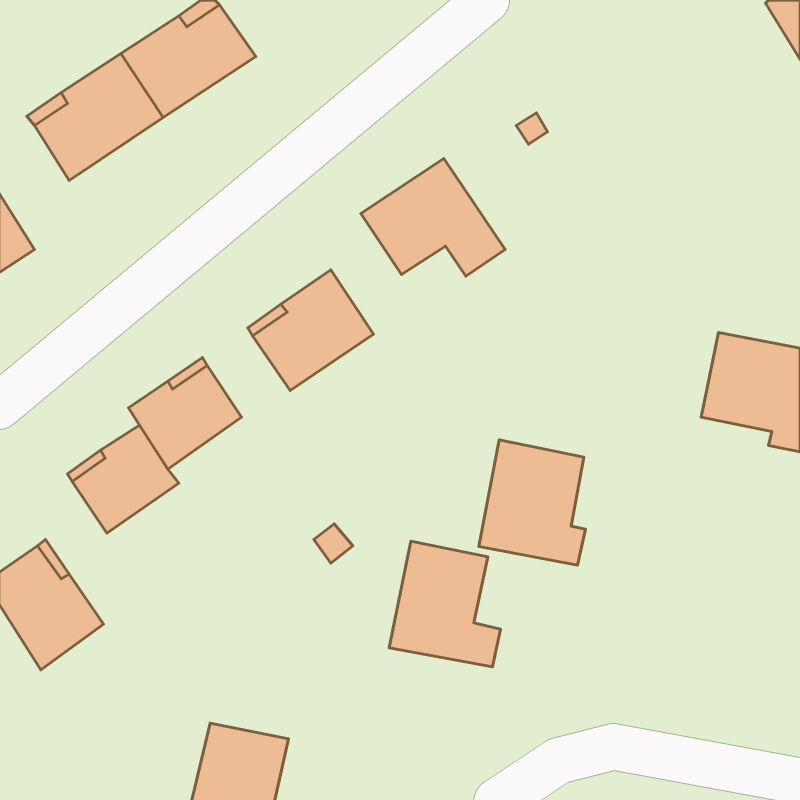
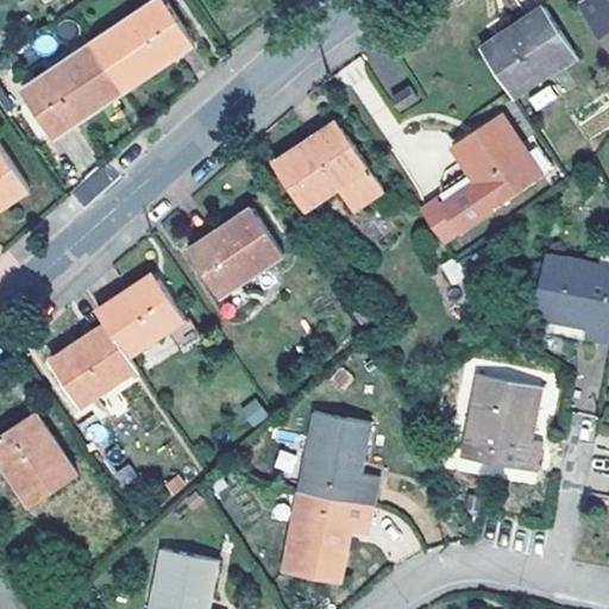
building: none -> [481,7,576,98]
building: none -> [419,113,541,241]
building: [479,440,585,565] -> [460,376,541,471]
building: none -> [280,492,373,582]

